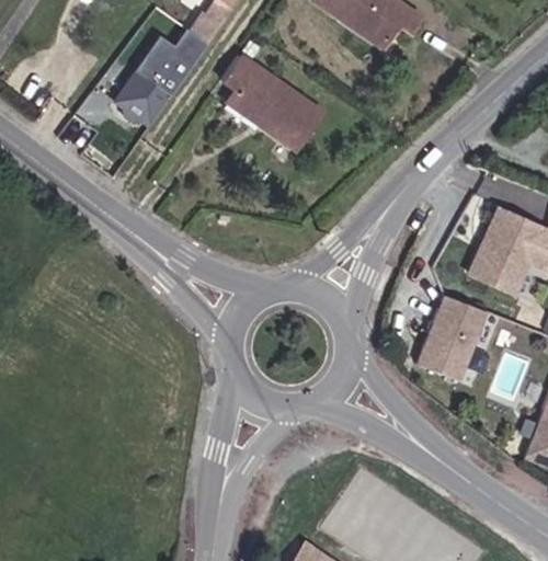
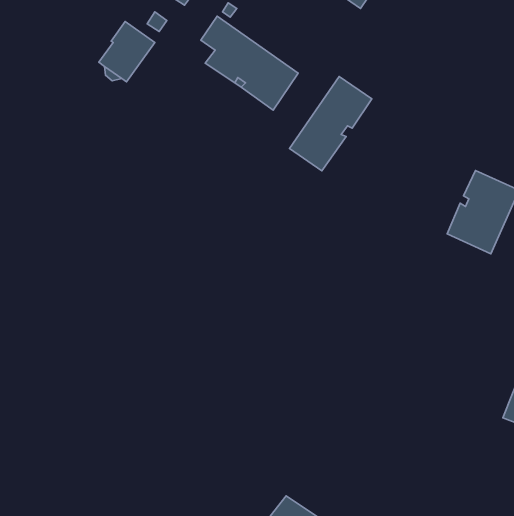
building: none -> [289,77,372,171]
building: [418,295,486,380] -> none

